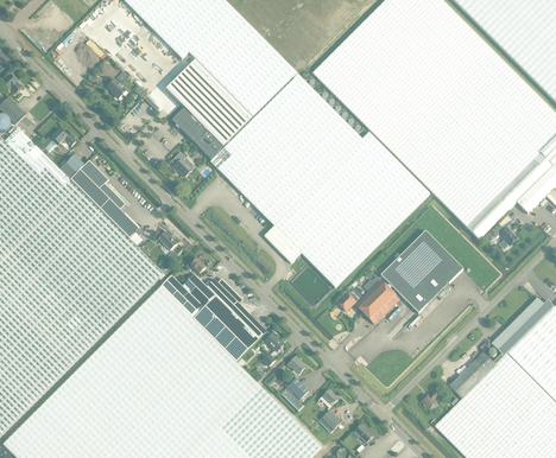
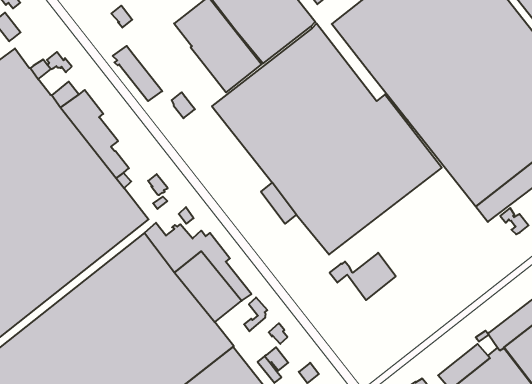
building: [172,109,222,158] -> [113,46,162,101]
building: [380,230,463,312] -> none

